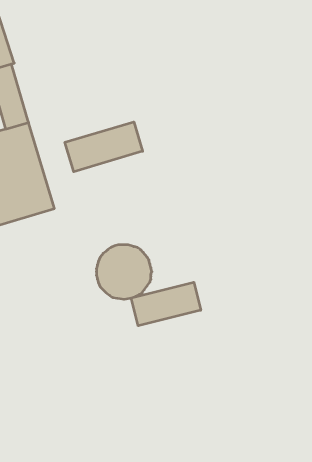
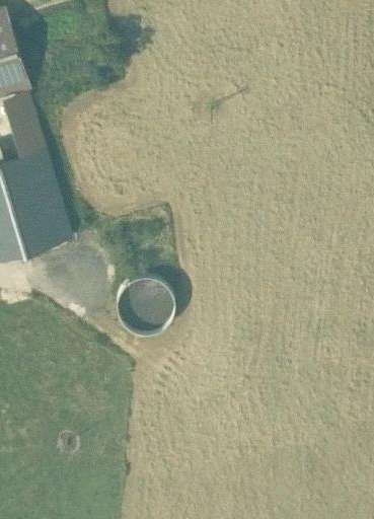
building: [65,122,143,172] -> none
building: [131,282,201,326] -> none

